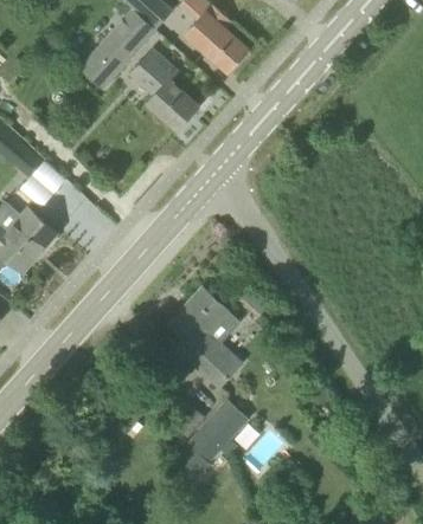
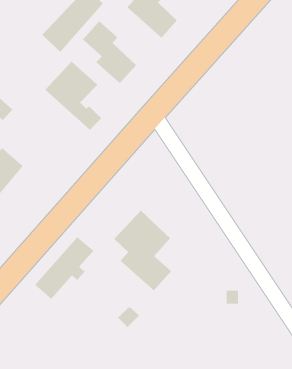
building: none -> [44,61,102,131]
building: [173,399,248,478] -> [35,237,94,300]

